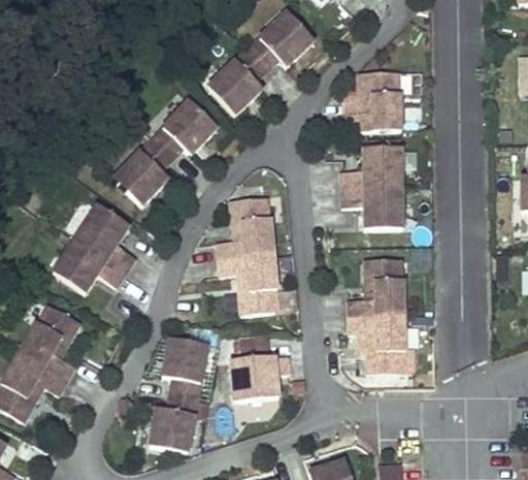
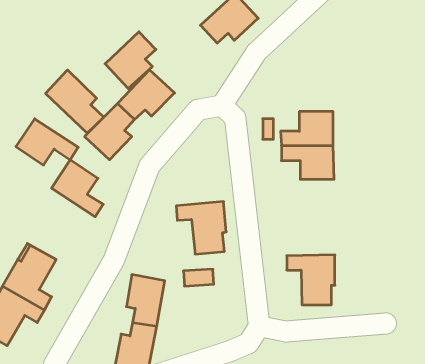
building: [208,49,267,115] -> [105,32,156,89]
building: [344,72,401,130] -> none
building: none -> [46,70,104,133]
building: [218,197,274,258] -> none
building: [54,237,126,291] -> [16,119,78,165]
building: [346,257,403,316] -> none
building: [230,357,289,401] -> none

